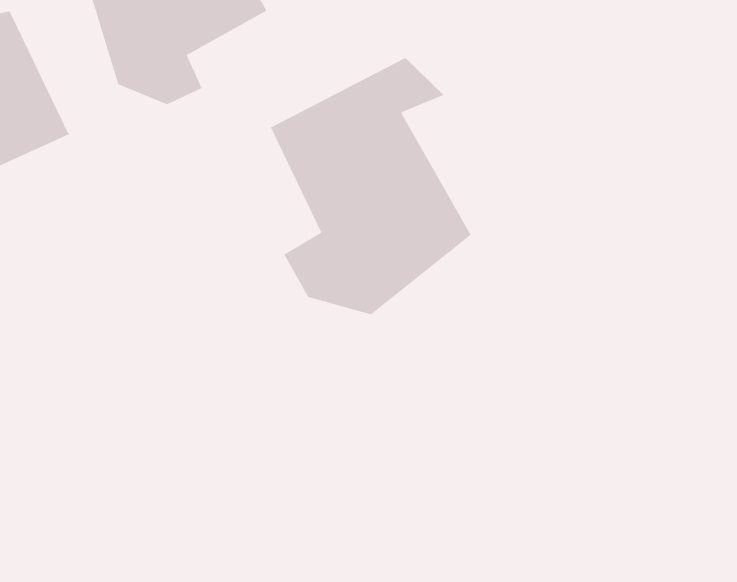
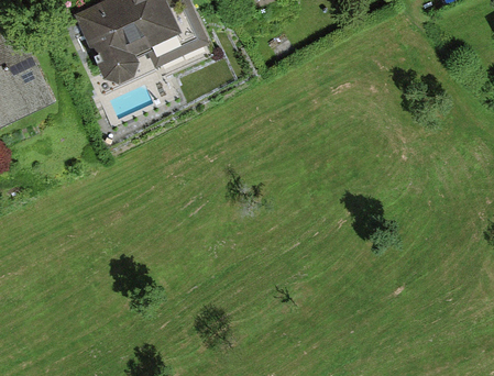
building: [270,57,471,315] -> none

